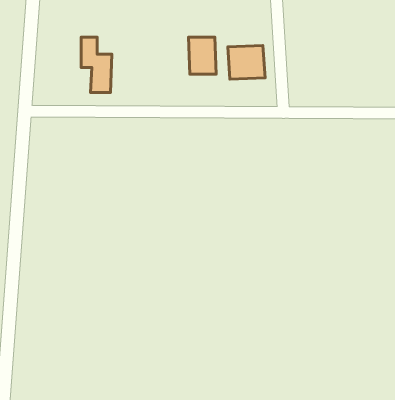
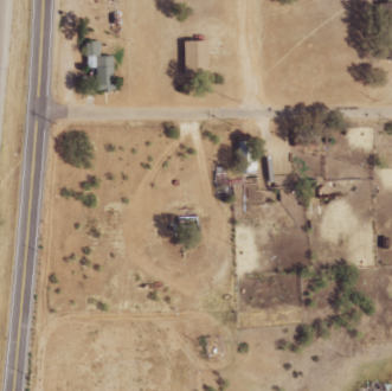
building: [228,46,265,79] -> none

